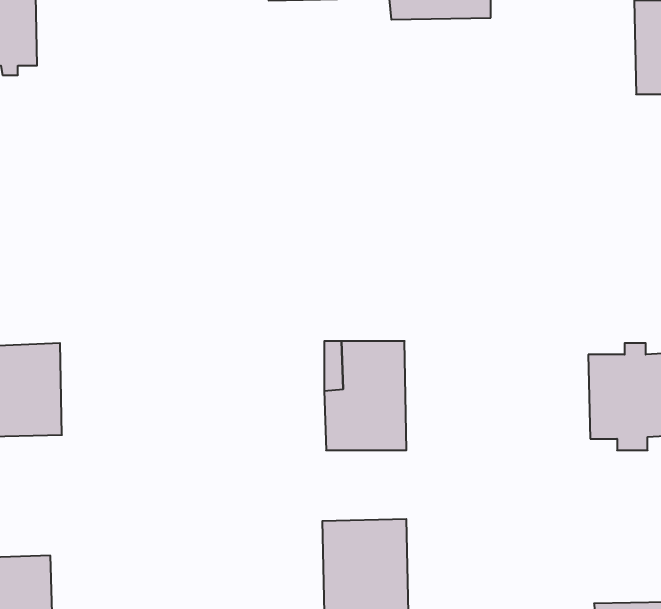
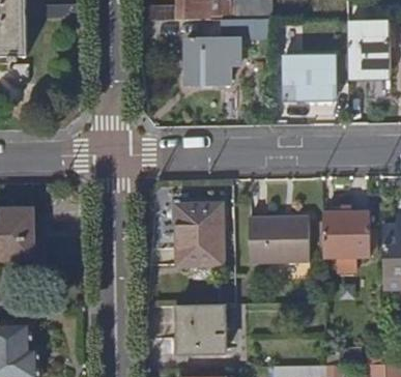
building: none -> [187,41,239,84]
building: none -> [283,56,335,100]
building: none -> [248,214,309,262]

